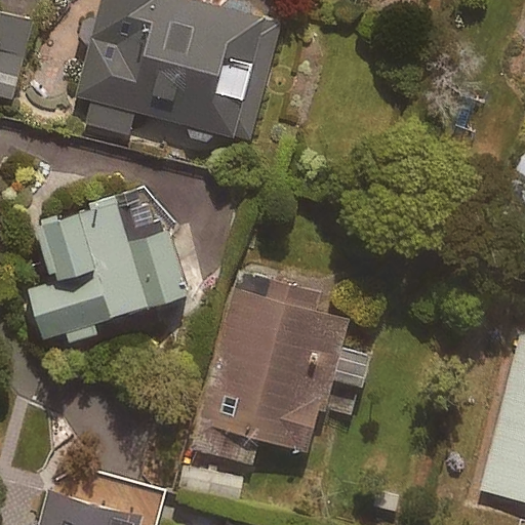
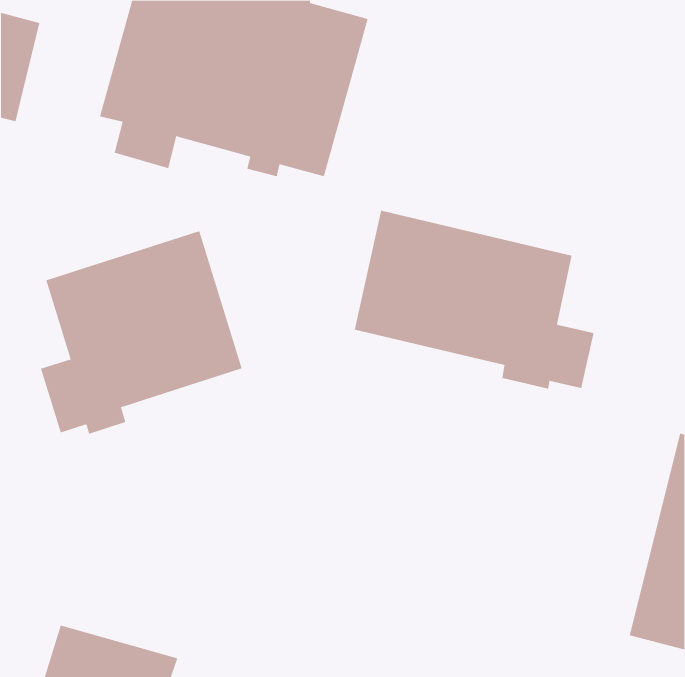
building: none -> [354,210,594,390]
building: [196,272,369,462] -> none

